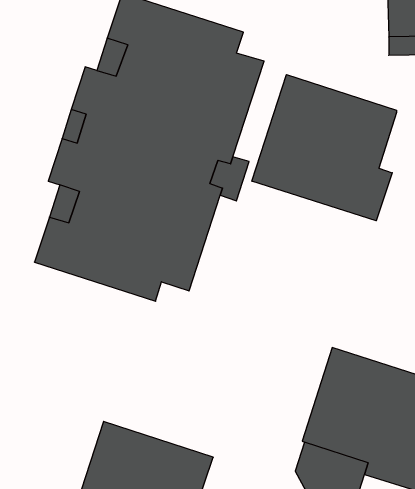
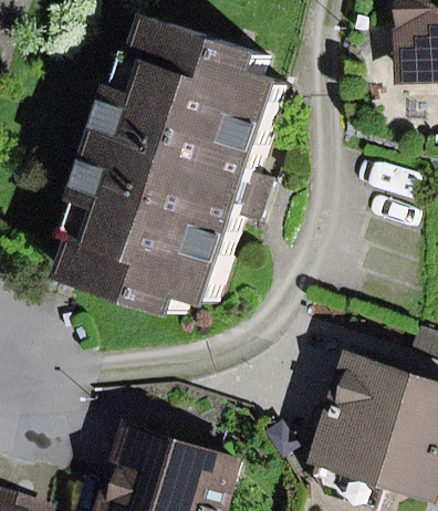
building: [252,75,397,221] -> none

